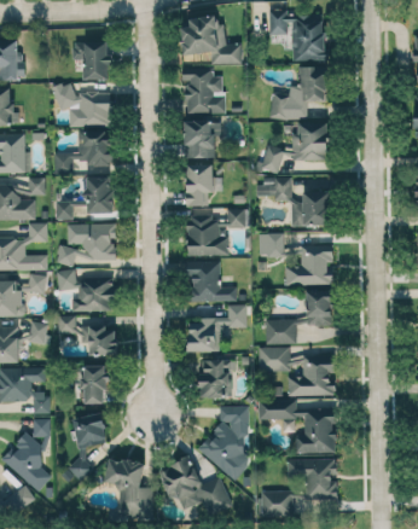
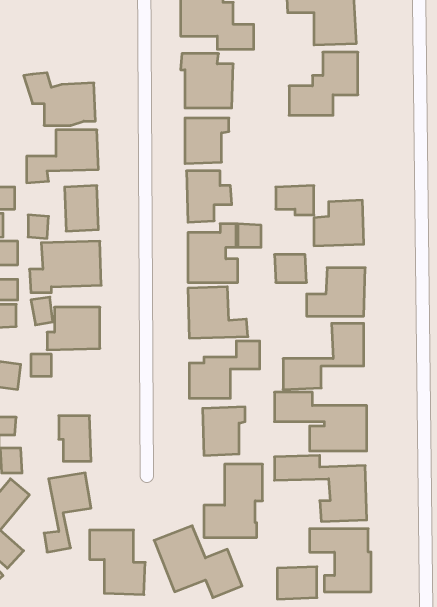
building: [72,42,110,81] -> none
building: [263,123,329,172] -> none
building: [81,326,117,357] -> none

